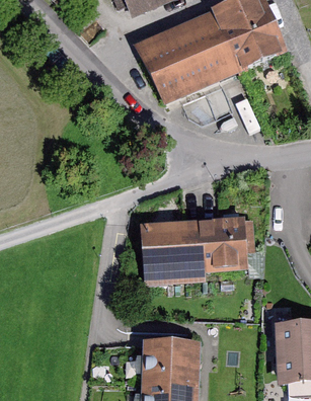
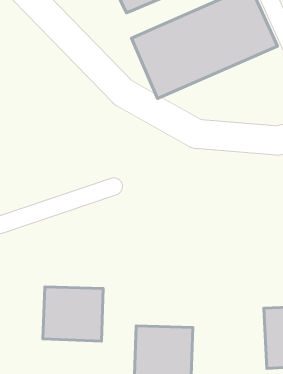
building: [140,216,248,284] -> none
building: none -> [43,287,103,341]

